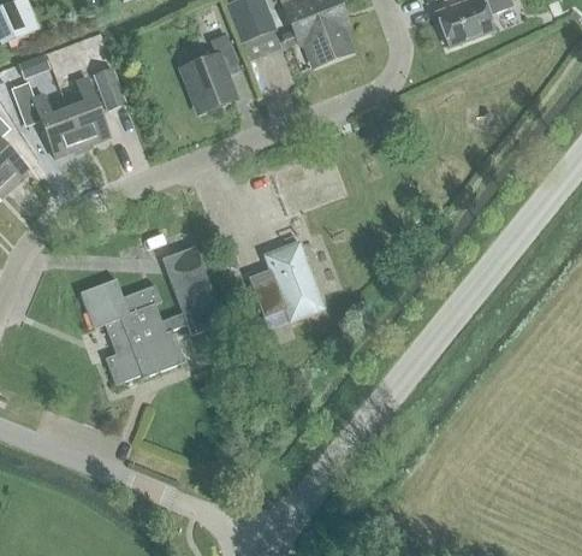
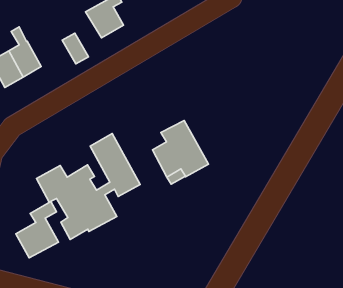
building: [93,67,126,111] -> [62,33,89,64]
building: none -> [16,201,59,258]

